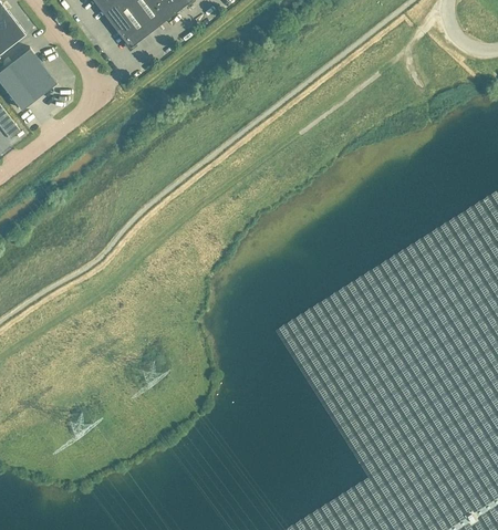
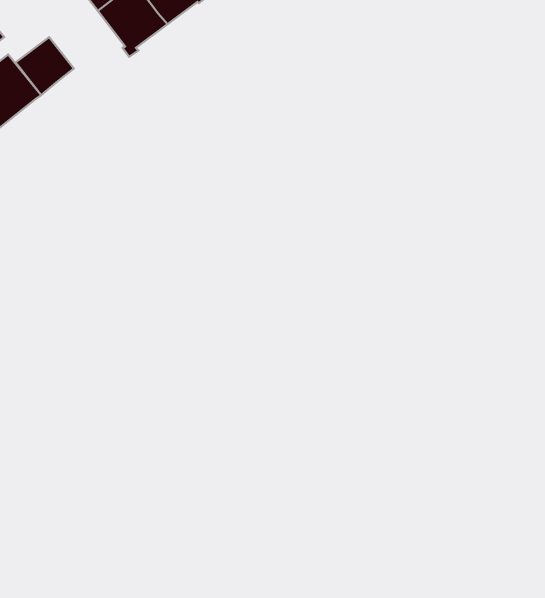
building: none -> [16,37,74,95]

